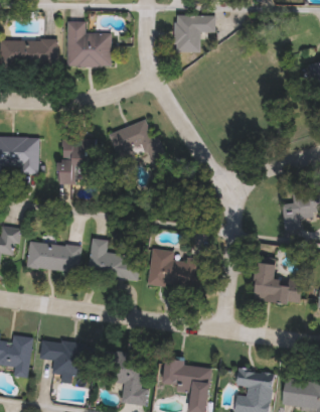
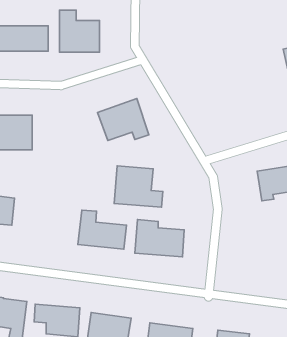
building: [174,16,214,52] -> none
building: [61,138,96,182] -> none
building: none -> [114,166,163,207]
building: [26,241,81,273] -> none
building: [253,262,301,304] -> none

